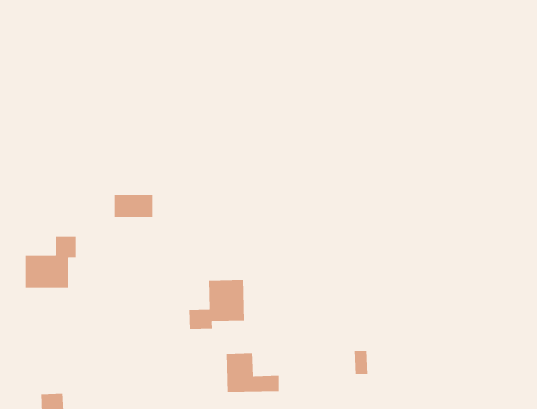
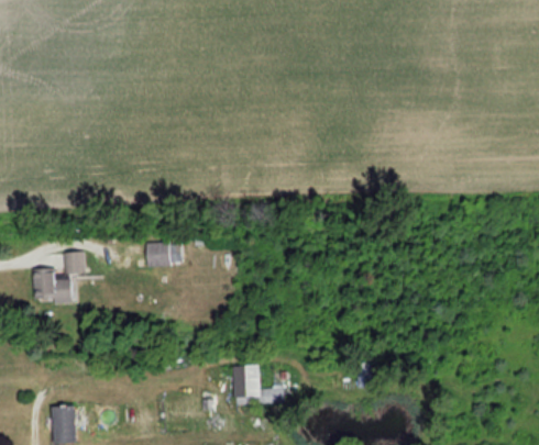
building: [114,194,153,218] -> [145,242,184,265]
building: [189,279,245,330] -> none

